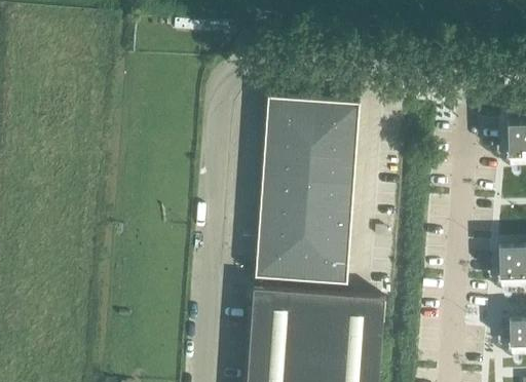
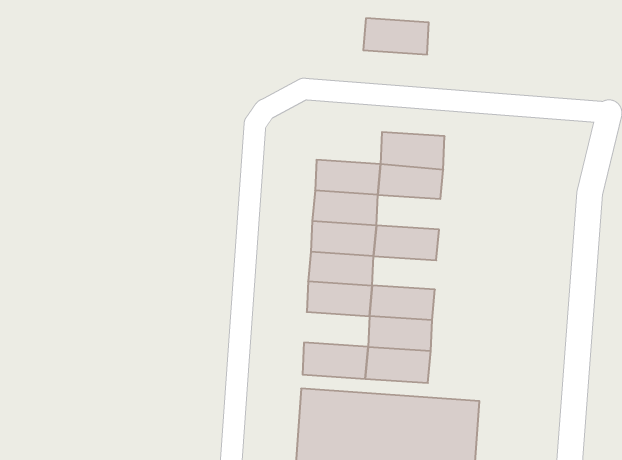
building: [265,97,313,123] -> [363,18,429,54]
building: [309,146,356,171] -> none
building: [306,191,353,216] -> none
building: [256,232,304,258] -> none

